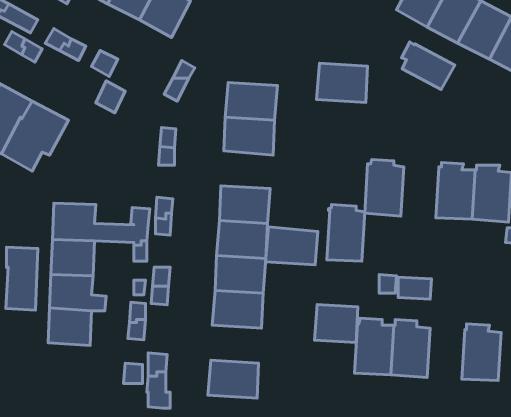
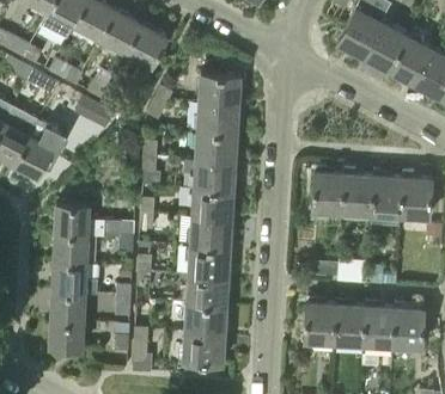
building: [401,42,455,90] -> none
building: [317,63,367,103] -> [199,74,240,106]
building: [327,205,365,261] -> [341,168,372,215]
building: [266,227,318,265] -> [193,160,236,191]
building: [6,247,38,310] -> none
building: [315,304,358,342] -> none
building: none -> [362,301,394,347]
building: none -> [184,303,226,334]
building: none -> [49,318,85,349]

